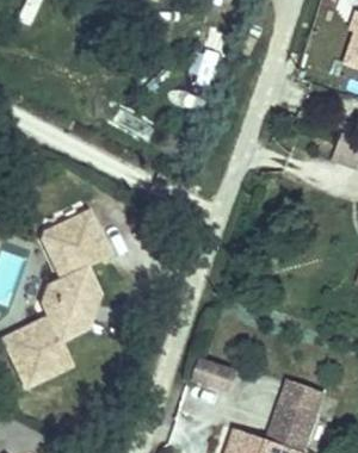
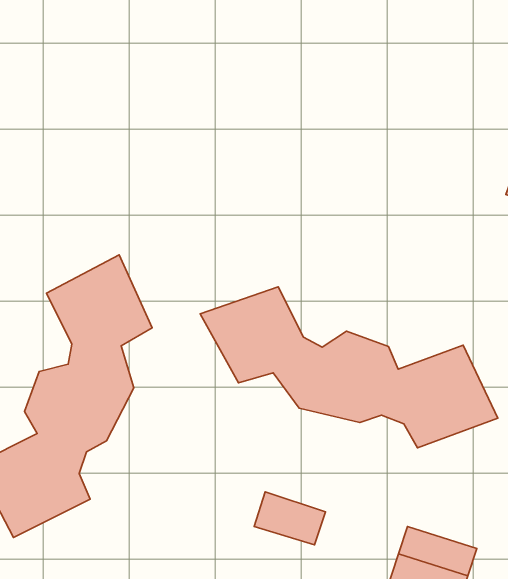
building: none -> [200,287,498,448]

